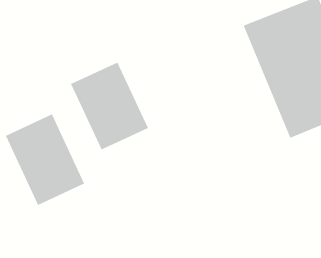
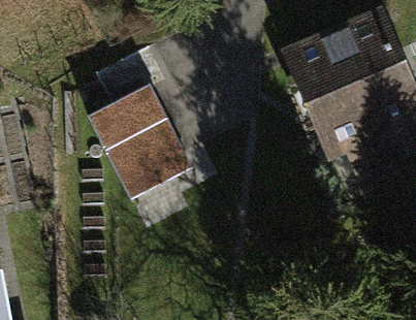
building: [5,114,85,206] -> none

